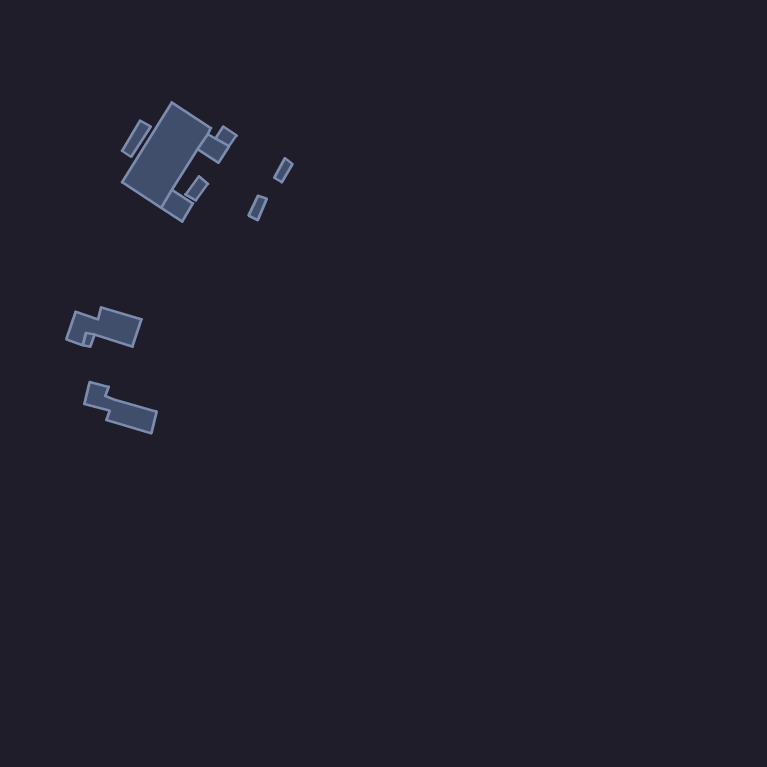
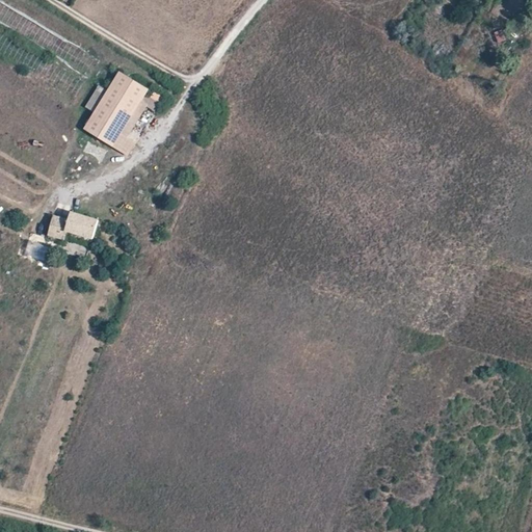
building: [84,382,156,433] -> none

